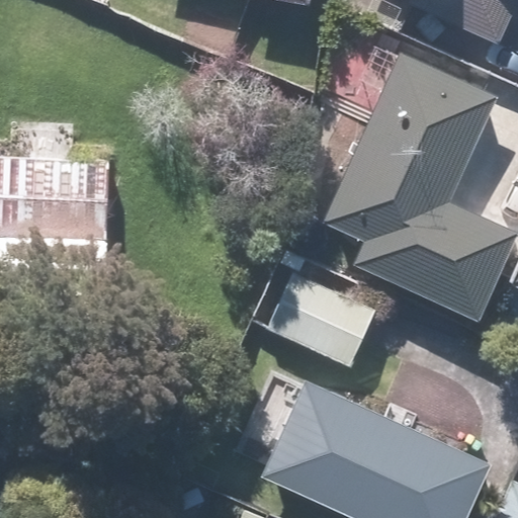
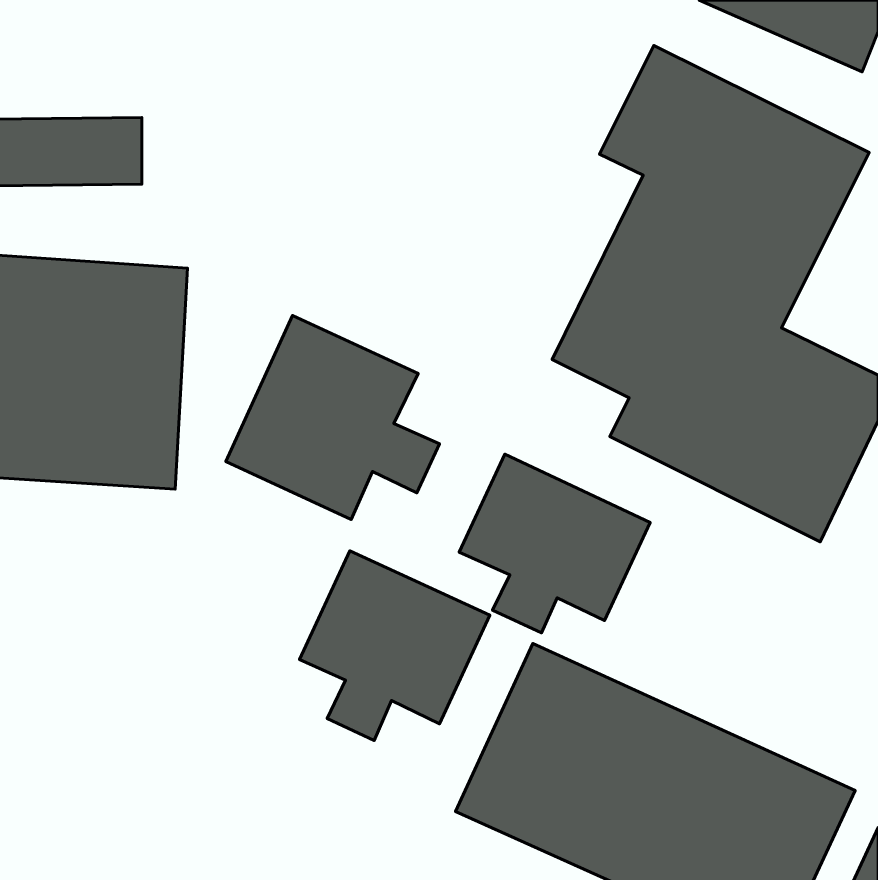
building: none -> [226,315,440,520]
building: none -> [299,551,490,740]

